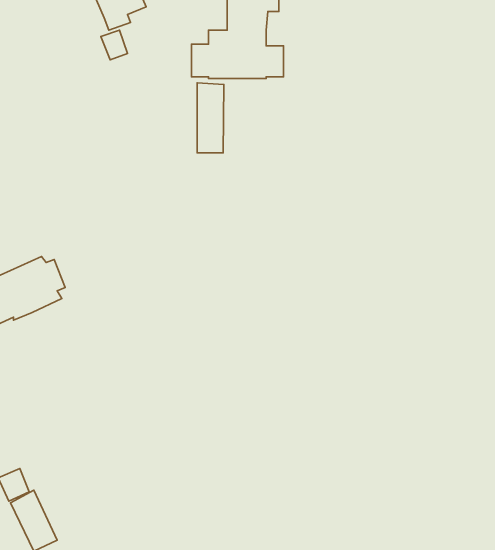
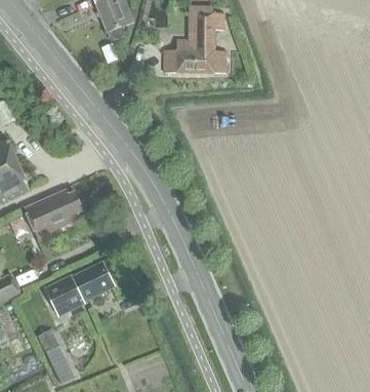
building: [197,83,224,153] -> none
building: none -> [45,263,113,315]

